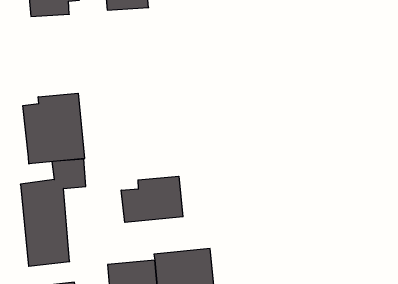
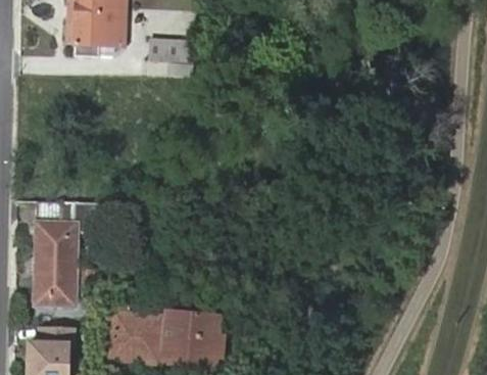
building: [23,93,85,164] -> none
building: [121,176,183,222] -> none

